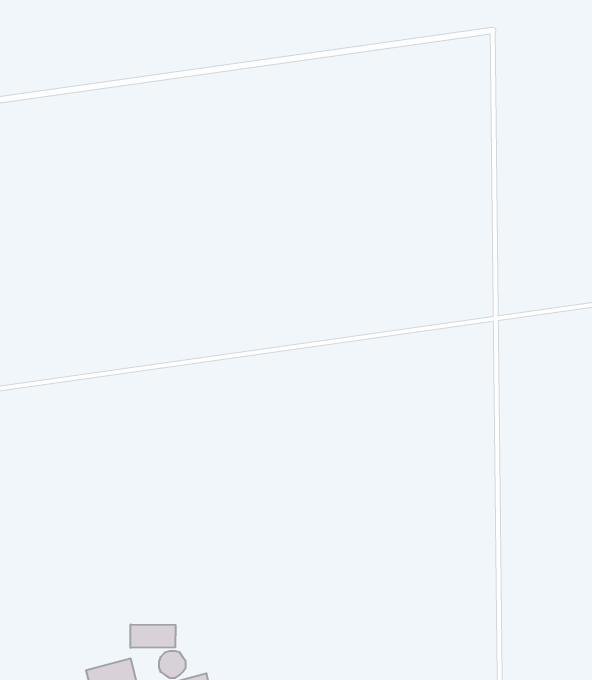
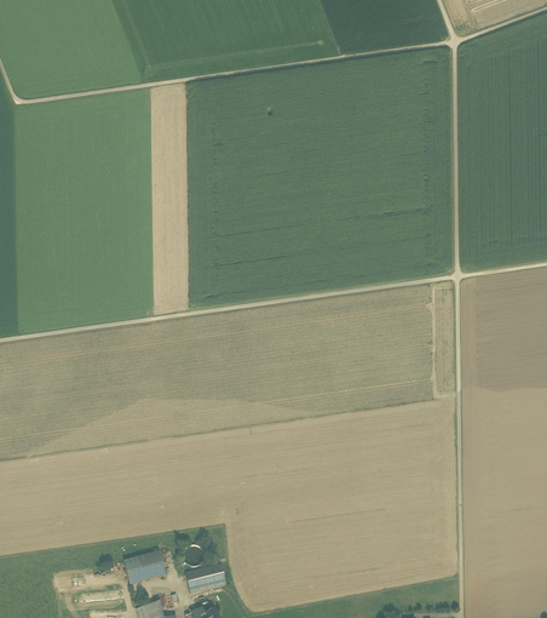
building: [131,624,176,648] -> none

